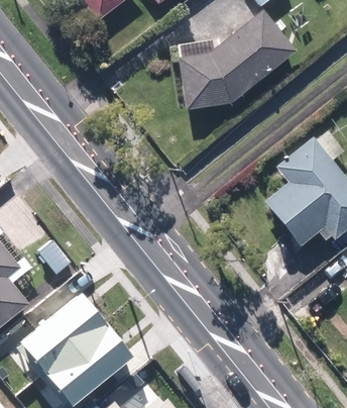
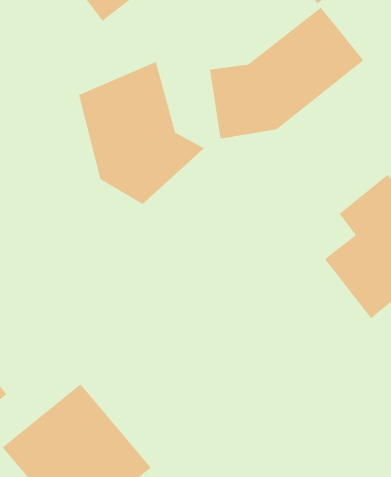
building: none -> [78,61,205,205]

